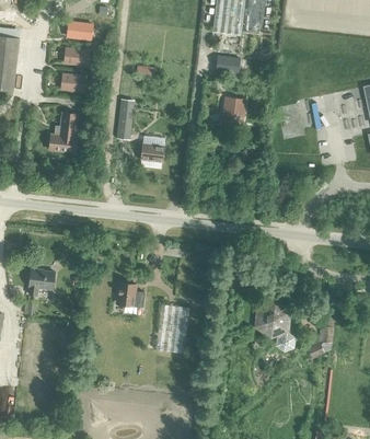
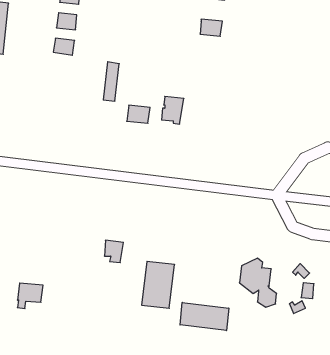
building: [222,97,245,126] -> [162,96,184,124]
building: [48,116,77,152] -> none
building: [28,269,55,296] -> [17,283,43,309]
building: none -> [180,302,229,331]

